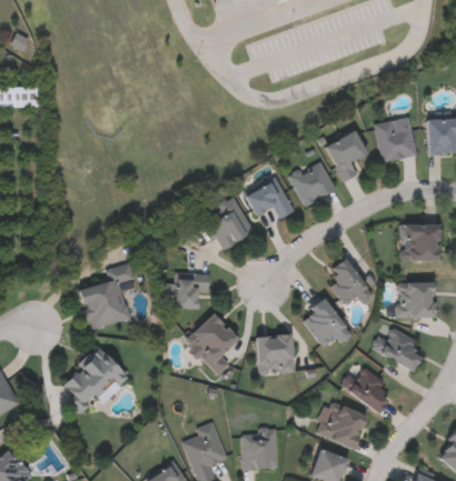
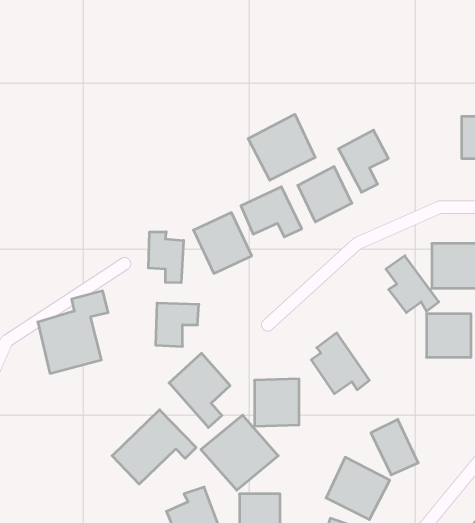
building: none -> [248,114,315,180]
building: [376,118,417,161] -> none
building: none -> [148,232,184,283]
building: [328,258,371,304] -> [386,256,439,313]
building: [375,325,422,372] -> none
building: [59,347,128,408] -> [112,410,196,484]
building: none -> [201,415,278,490]

